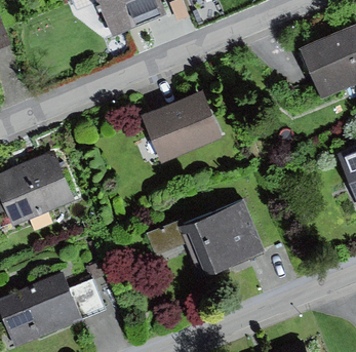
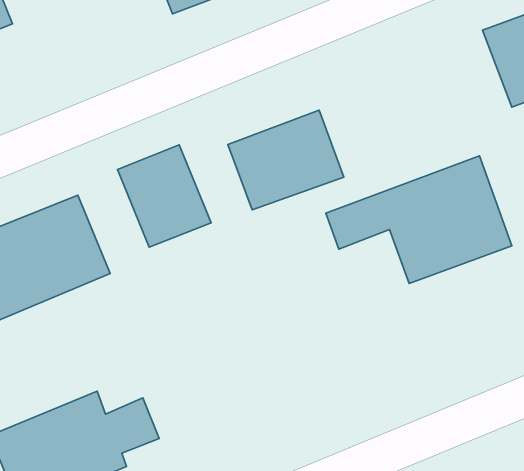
building: none -> [117,145,211,247]
building: [145,194,262,274] -> [326,156,512,283]

